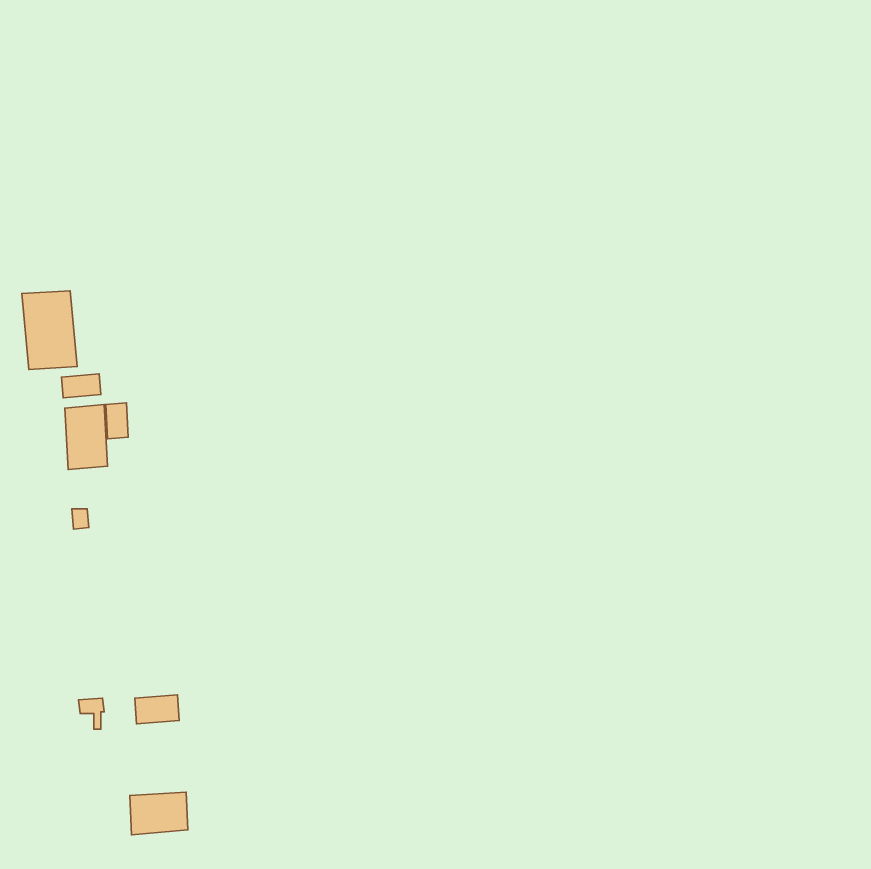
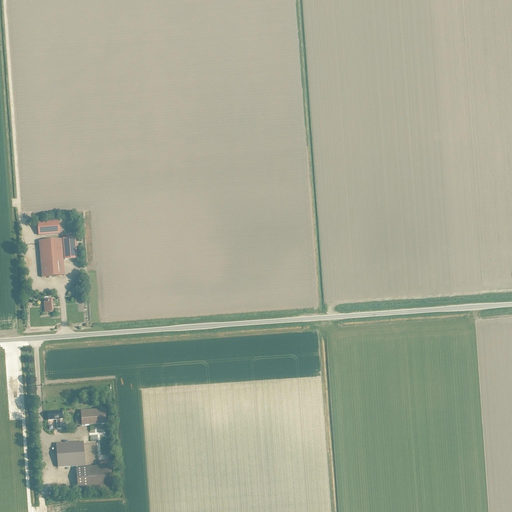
building: [22,291,77,369] -> none
building: none -> [55,439,97,465]

